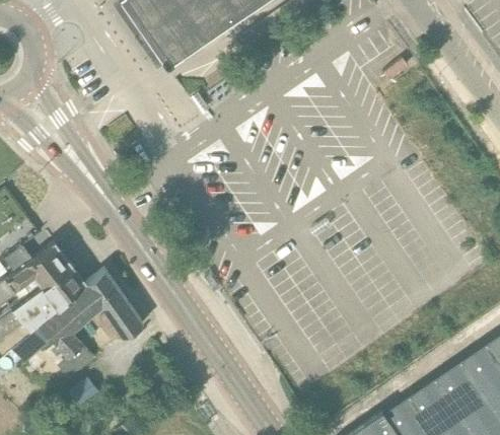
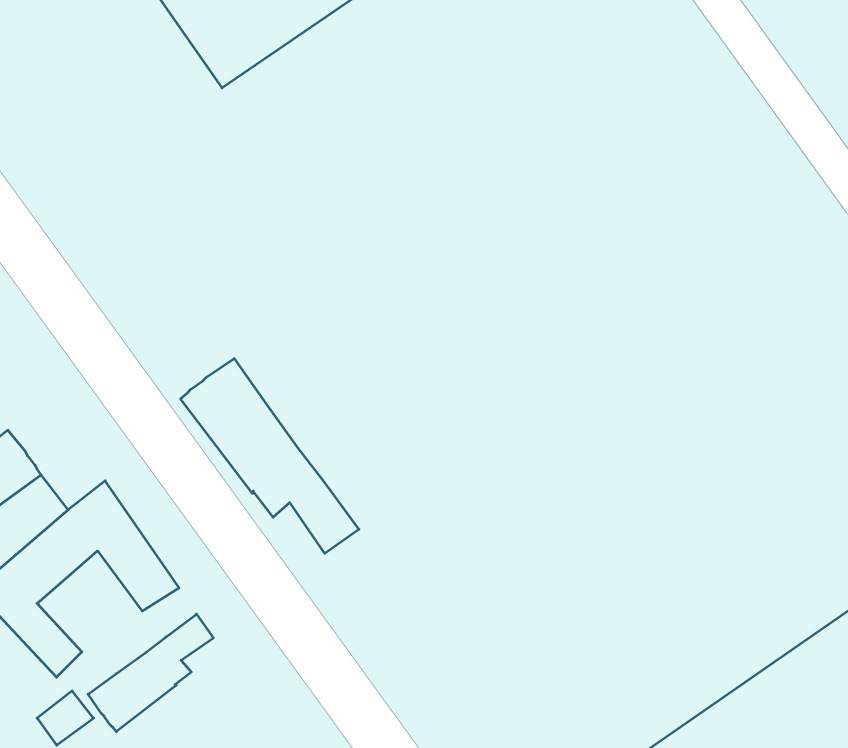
building: none -> [181,359,359,553]
building: none -> [88,614,213,732]

